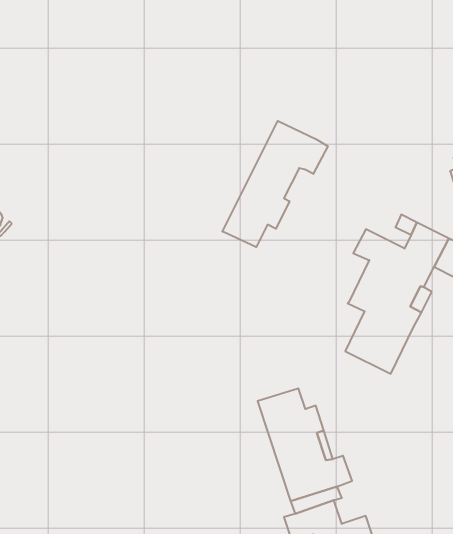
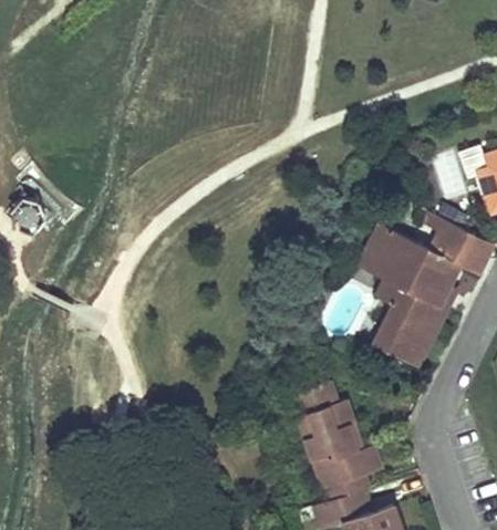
building: [222,121,328,247] -> none
building: none -> [356,219,397,278]

